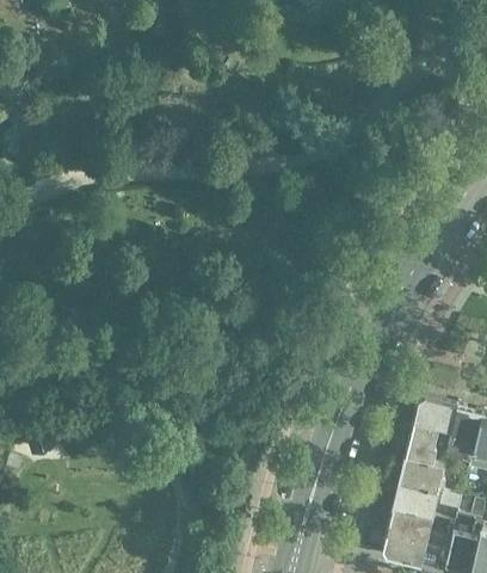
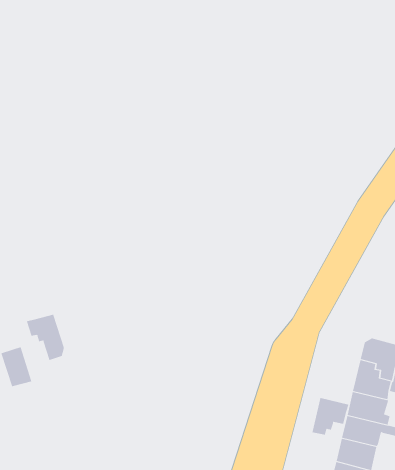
building: none -> [26,314,64,361]
building: none -> [312,397,349,435]

